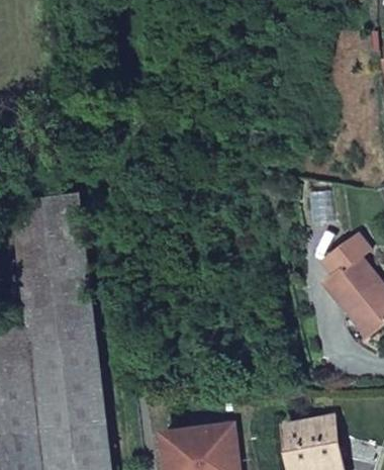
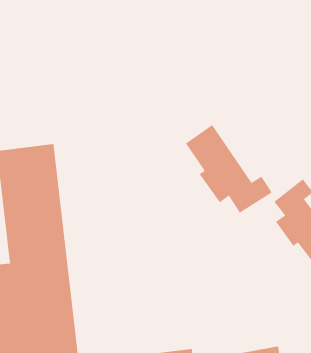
building: none -> [185,124,272,213]

